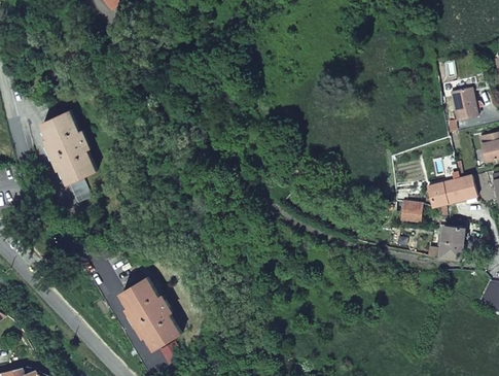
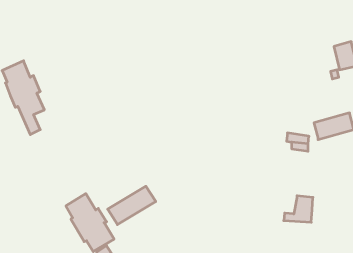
building: [427,228,463,261] -> [284,196,313,222]
building: none -> [108,186,156,225]

